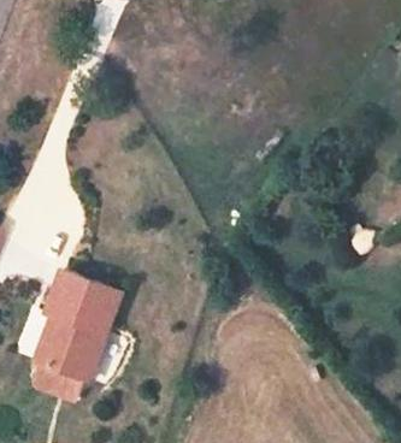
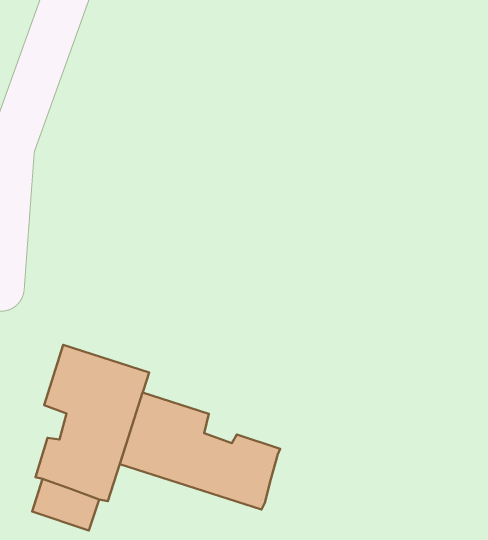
building: none -> [120,392,280,510]

